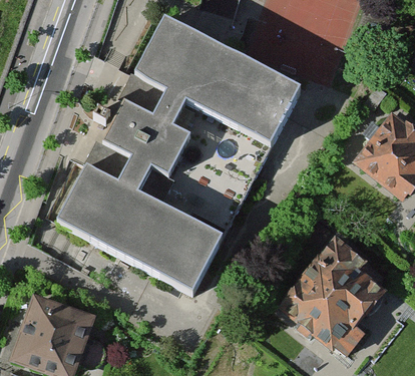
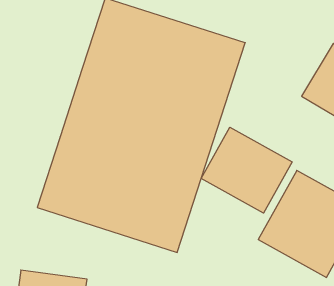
building: none -> [201,127,292,213]

